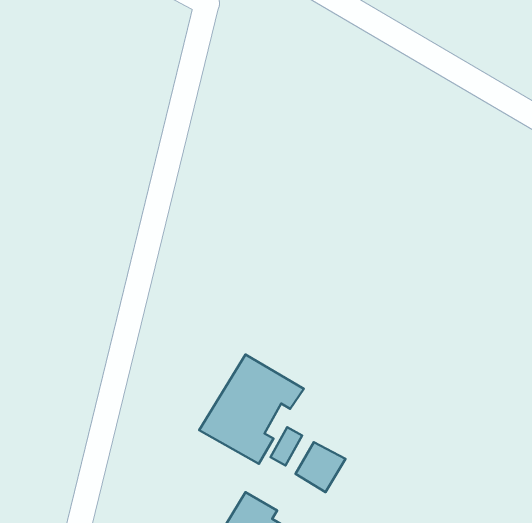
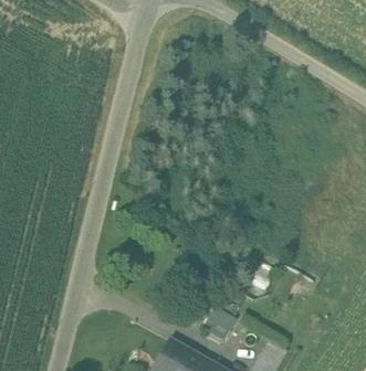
building: [199,355,304,464] -> none

